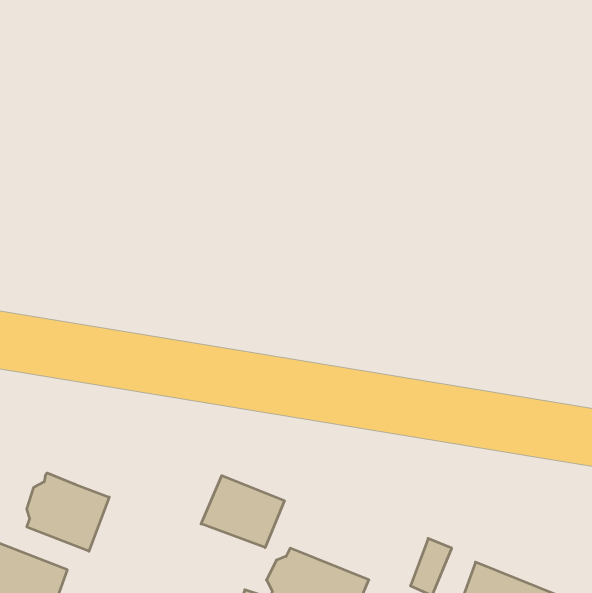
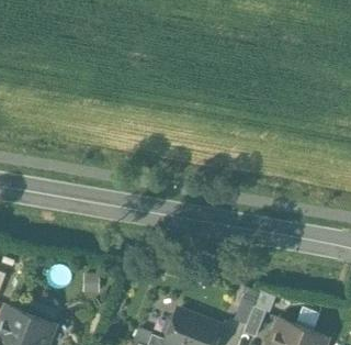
building: [27,473,109,551] -> none
building: [201,476,284,548] -> none

